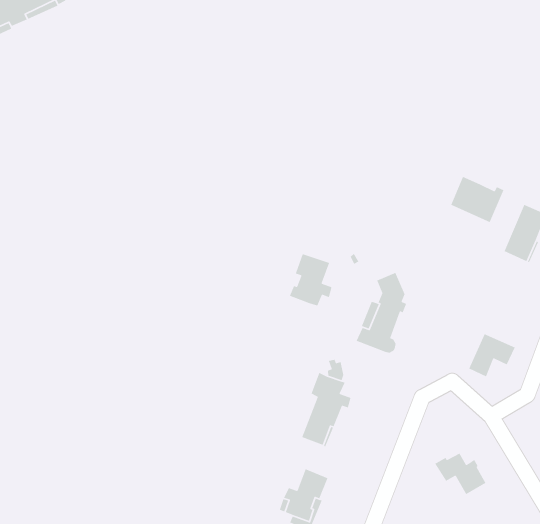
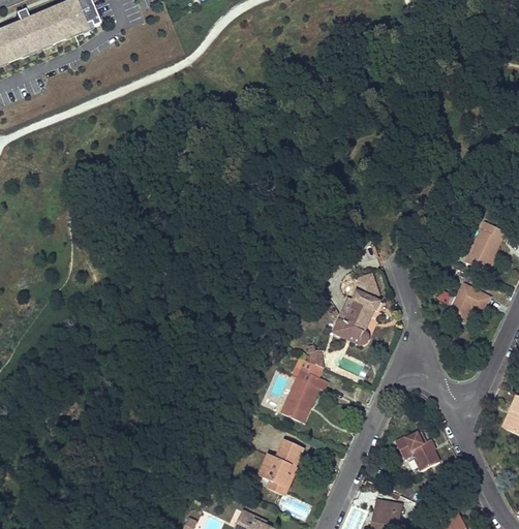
building: [450,176,505,223] -> none
building: [289,253,332,307] -> none
building: [468,333,516,377] -> [448,282,490,320]

